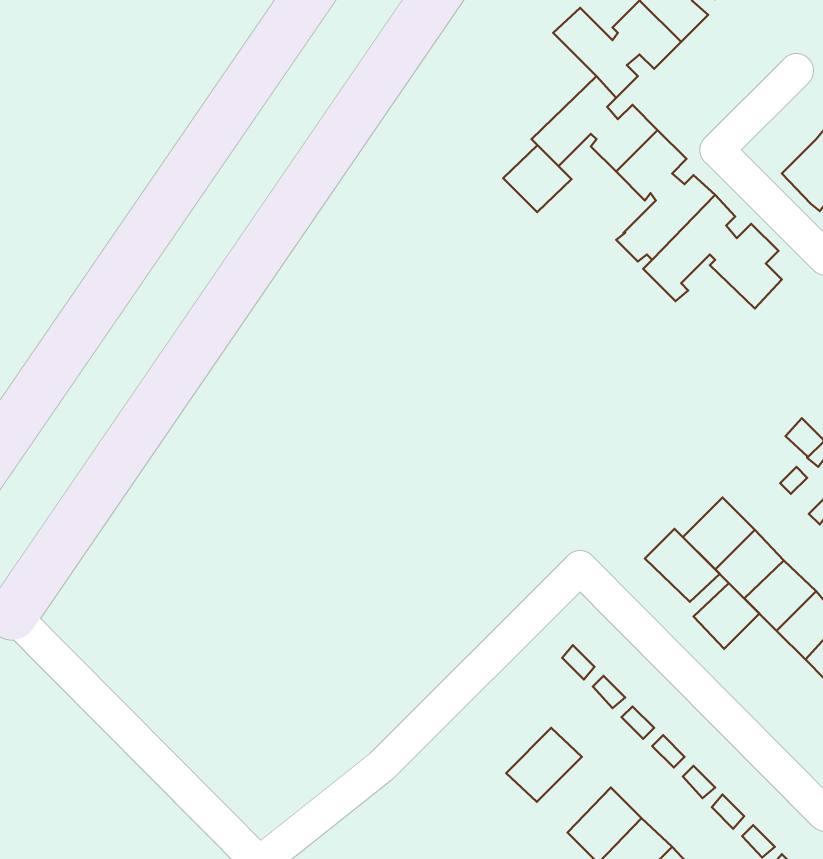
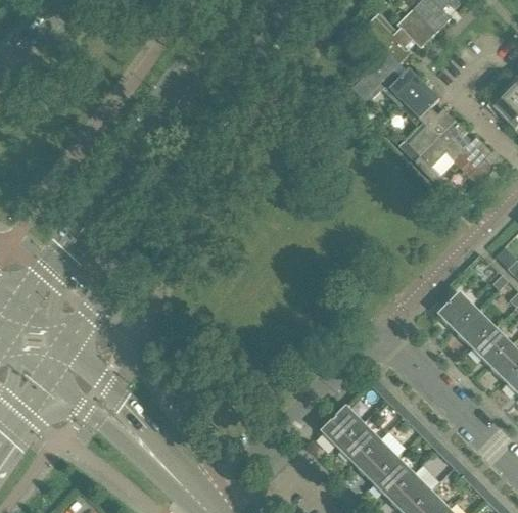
building: [503,145,572,212] -> none
building: [645,529,720,602] -> none
building: [693,583,759,649] -> none
building: none -> [321,405,363,448]
building: none -> [355,438,409,481]

